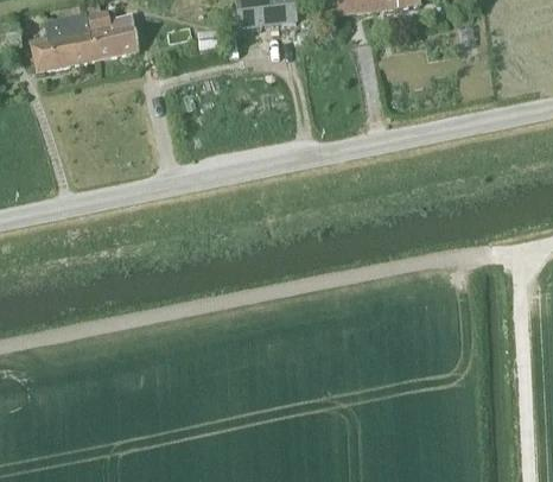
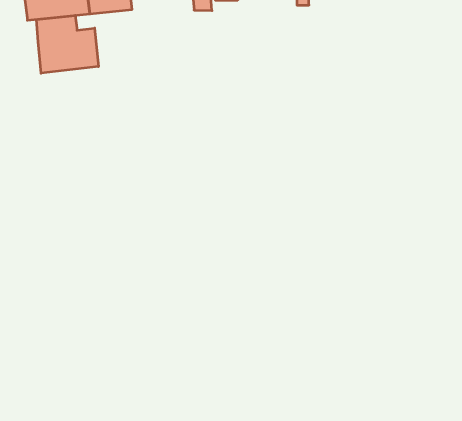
building: none -> [37,15,98,73]

